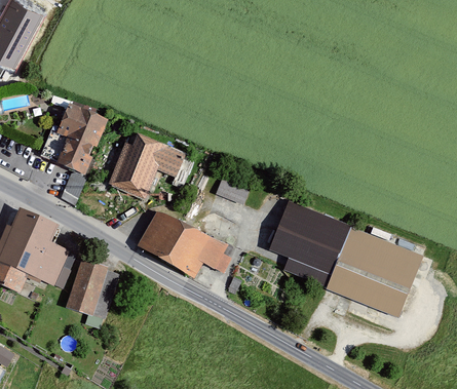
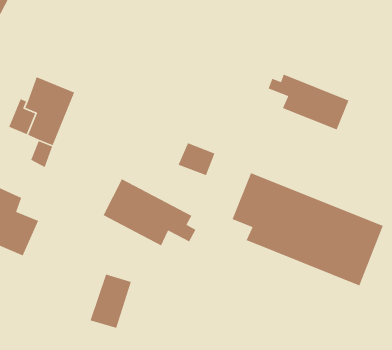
building: none -> [268,74,350,130]
building: [110,135,190,199] -> none
building: [65,258,108,314] -> [90,274,132,329]

